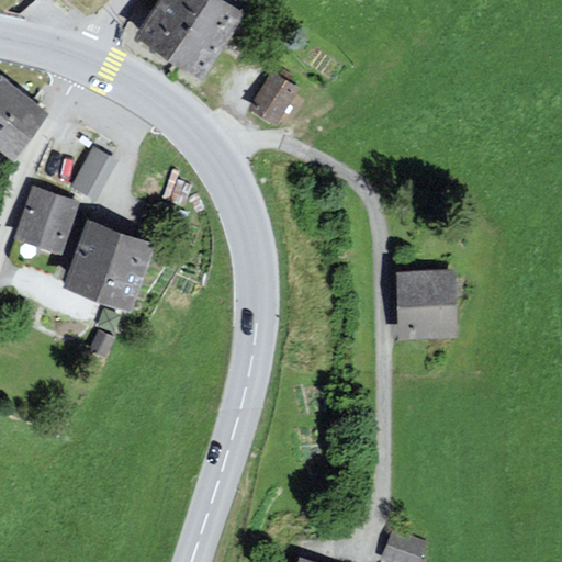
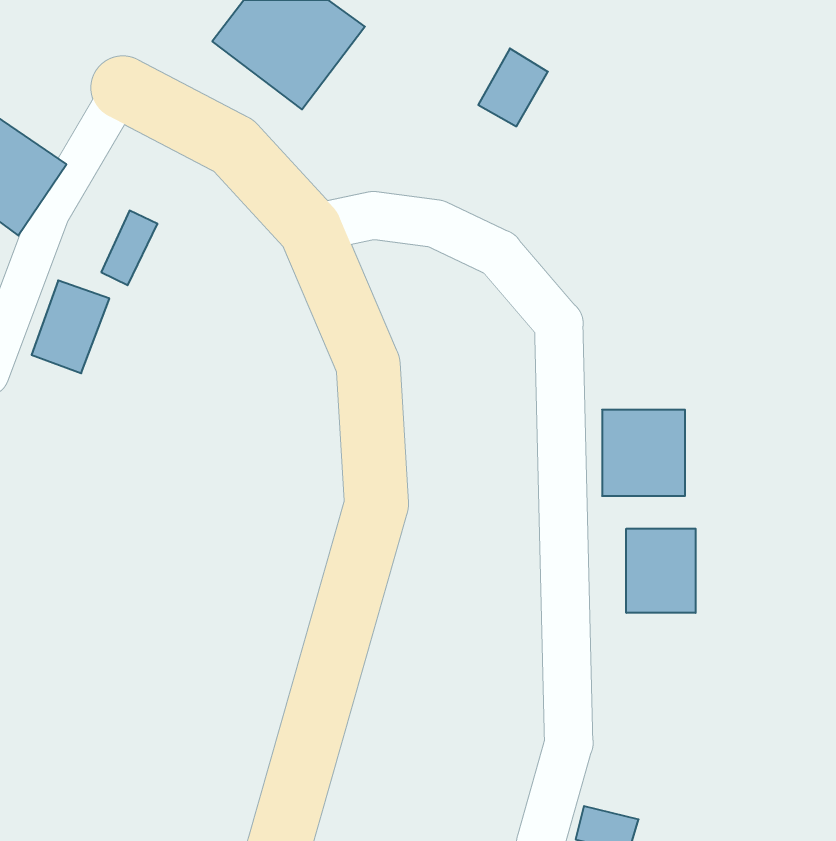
building: [249,71,295,123] -> [478,48,548,126]
building: [66,218,156,304] -> none
building: none -> [626,529,696,613]

